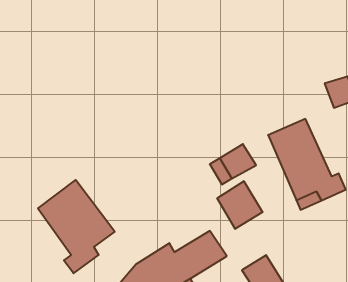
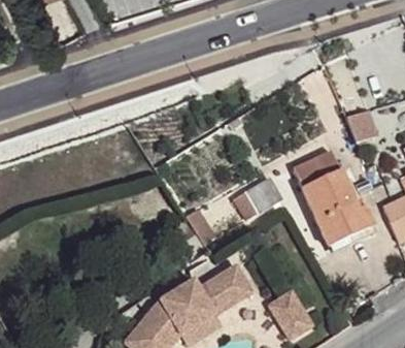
building: [38,180,115,273] -> none
building: [217,181,263,229] -> none

